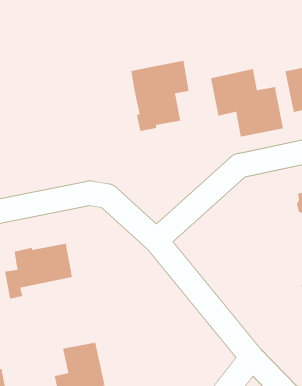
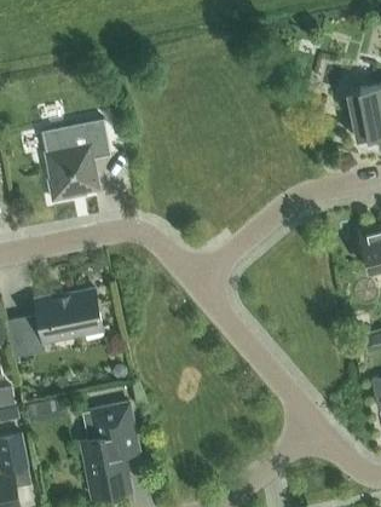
building: [130,60,190,132] -> [41,119,109,201]
building: [210,68,284,137] -> none

